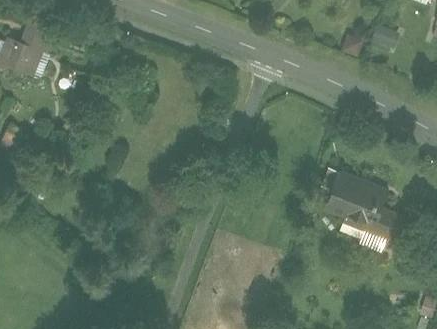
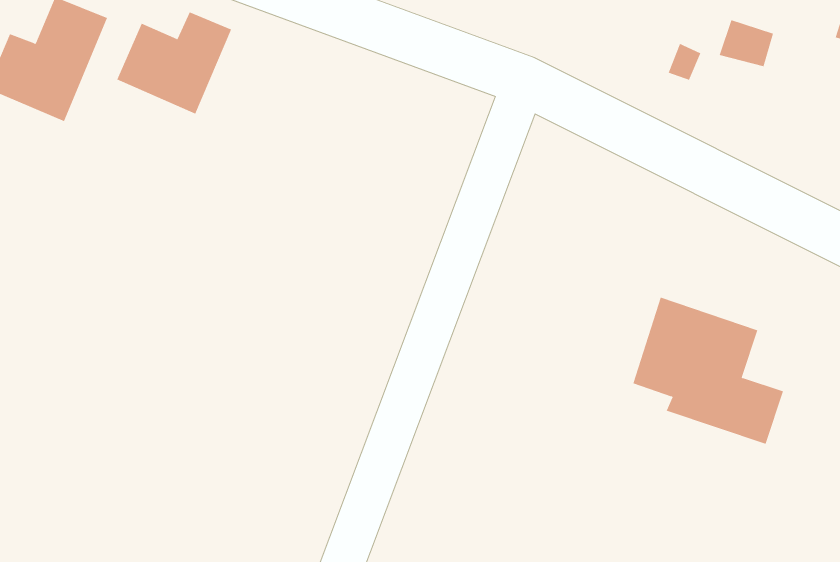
building: none -> [116,12,232,115]

